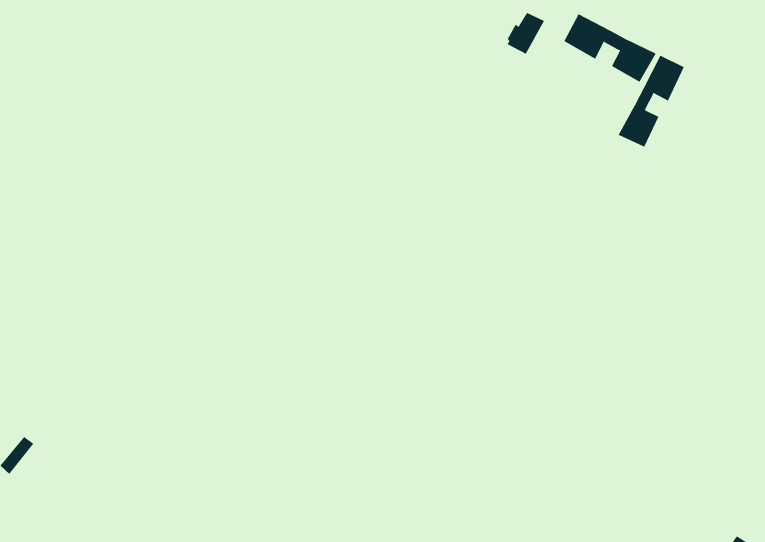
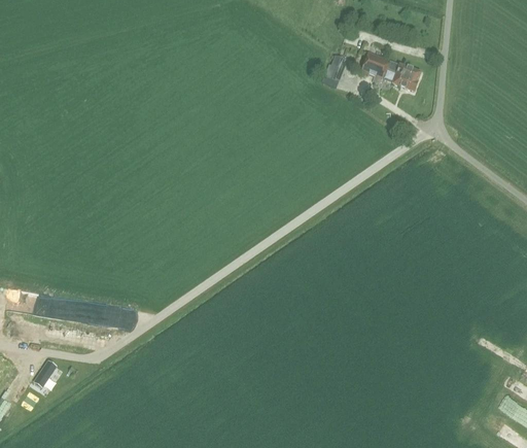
building: [618,55,685,148] -> none

